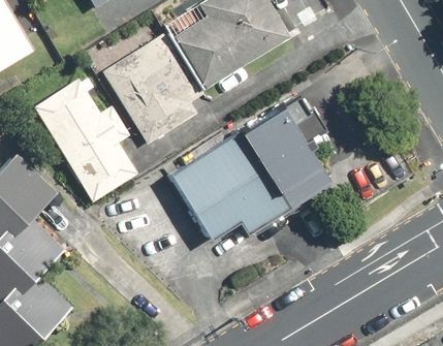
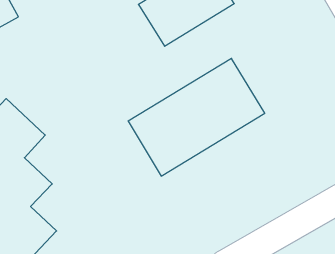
building: [102,37,200,146] -> none
building: [35,84,139,205] -> none

